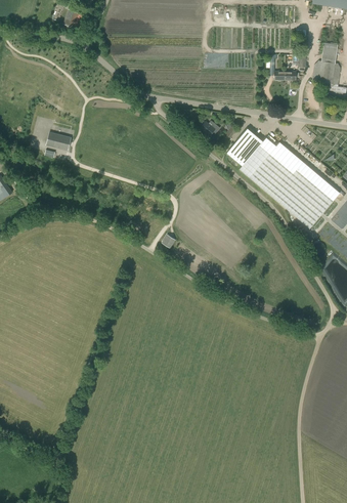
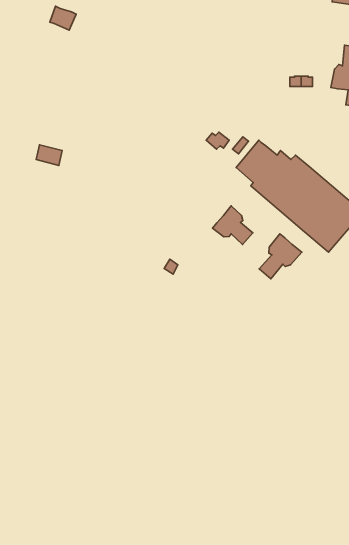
building: none -> [212,206,253,245]
building: none -> [259,234,302,279]

